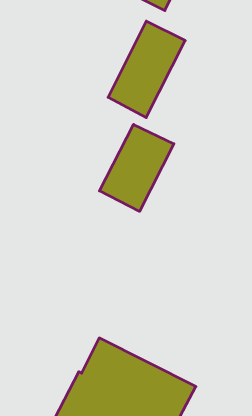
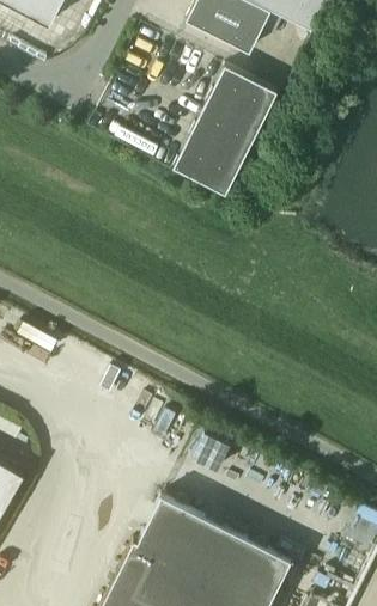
building: [99,124,174,211] -> none

